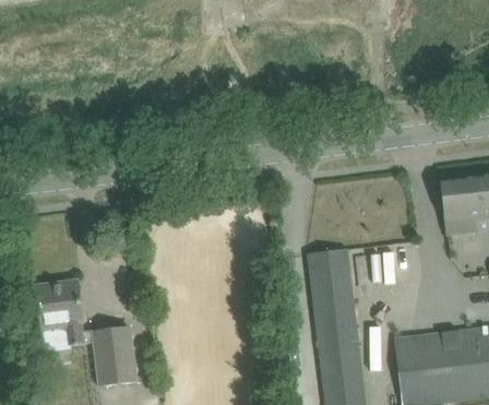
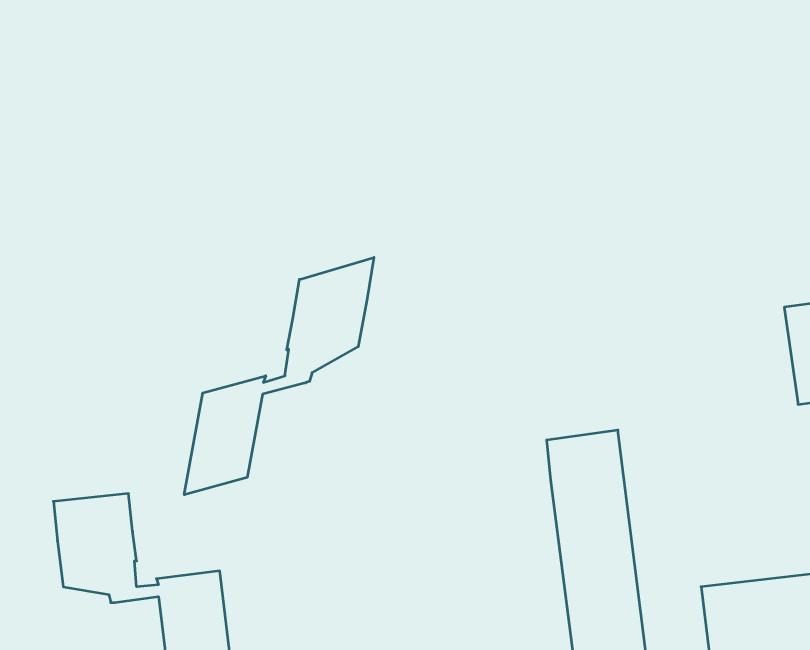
building: none -> [184,257,374,495]

